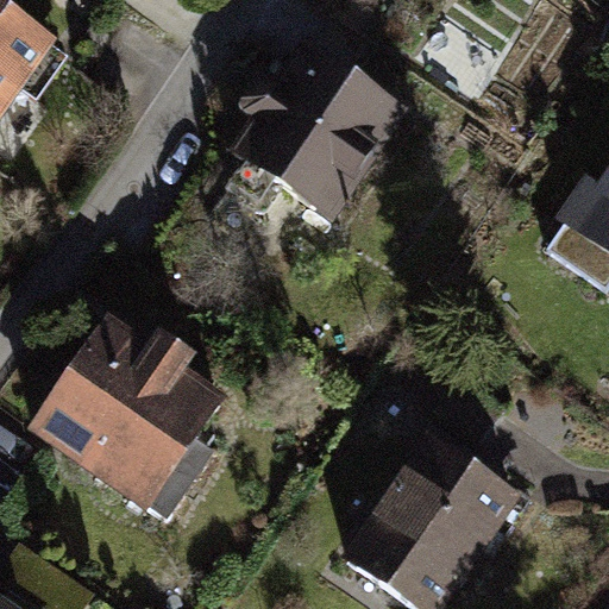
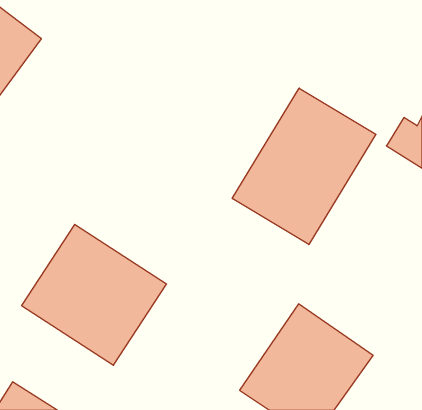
building: [230,34,408,212] -> none
building: none -> [232,88,376,245]

